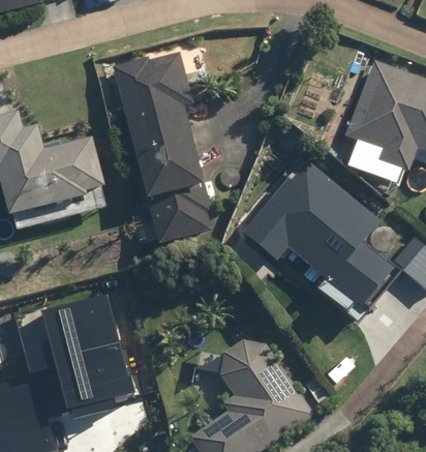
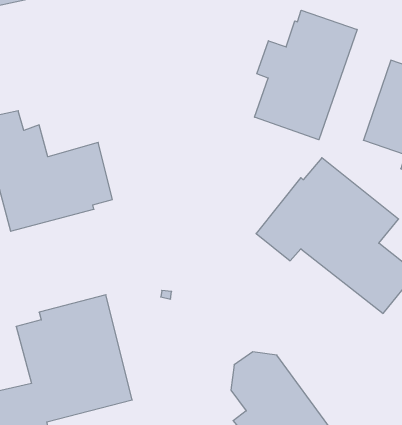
building: none -> [255,10,357,140]
building: [114,53,214,250] -> none

